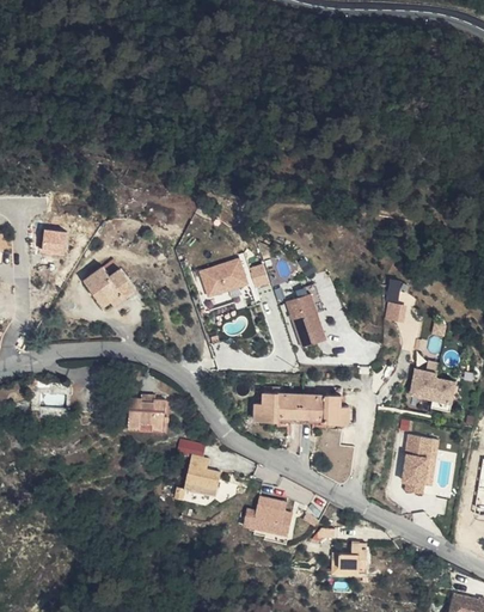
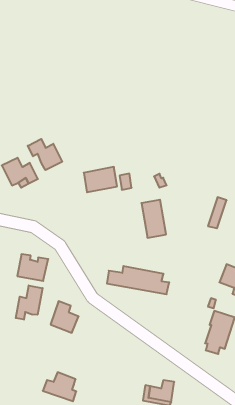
building: none -> [28,139,62,170]
building: none -> [16,285,43,320]
building: [243,497,289,534] -> [43,372,76,401]

